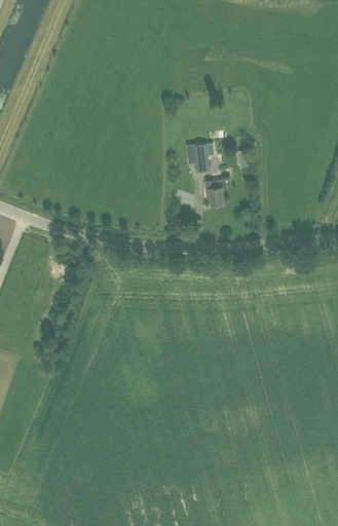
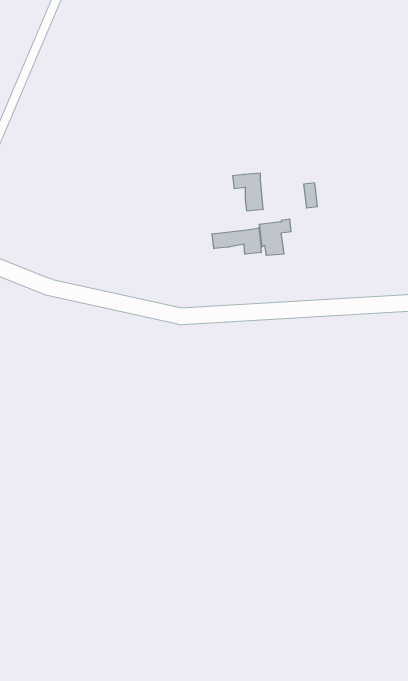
building: none -> [212,228,261,254]

